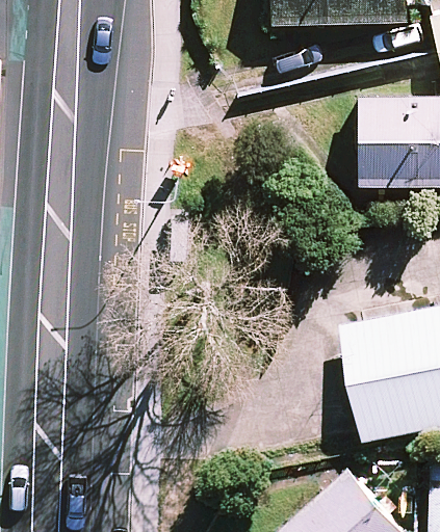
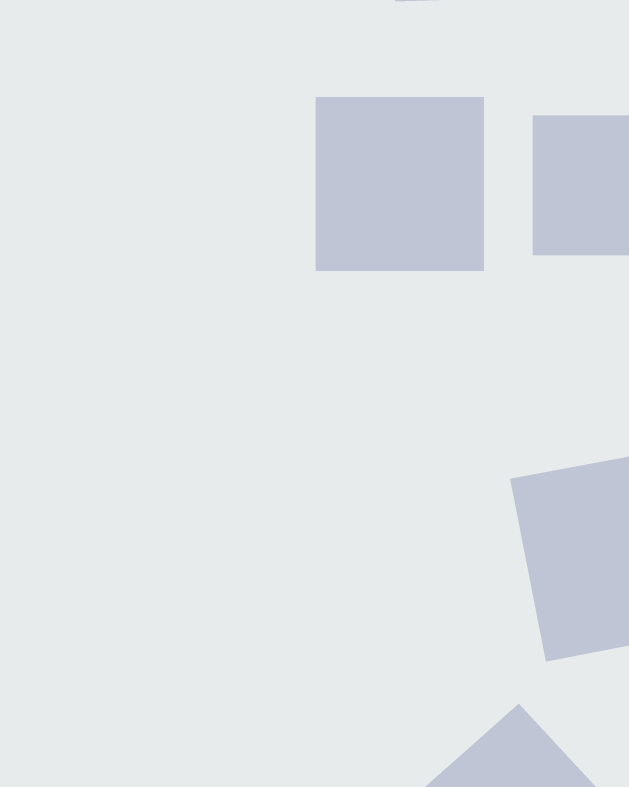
building: none -> [315,96,485,272]

